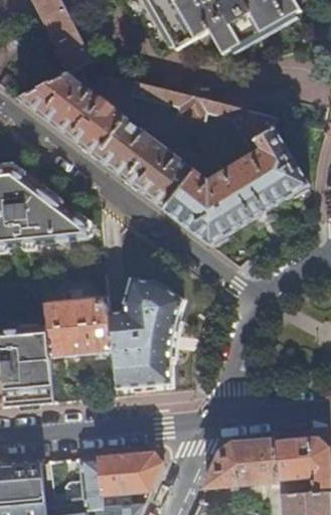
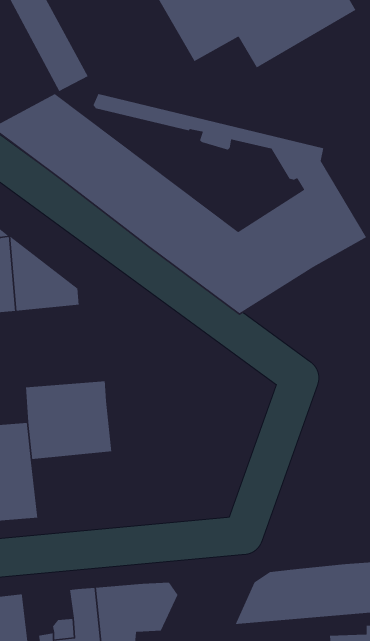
building: [108,277,183,387] -> none

